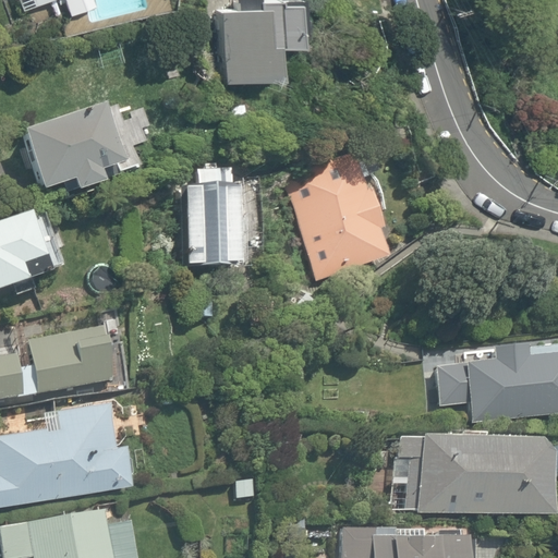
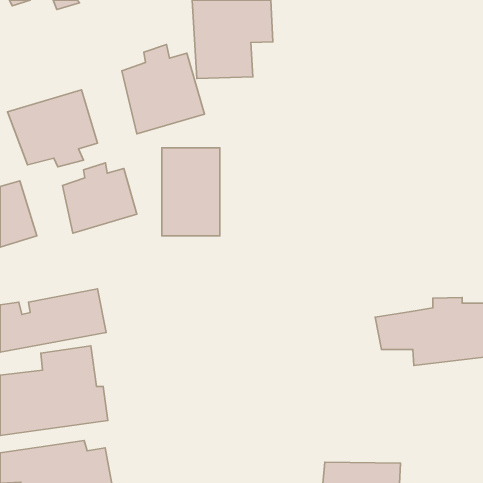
building: none -> [122,44,204,134]
building: [291,142,396,265] -> none
building: none -> [62,163,137,233]
building: [409,436,545,517] -> none

